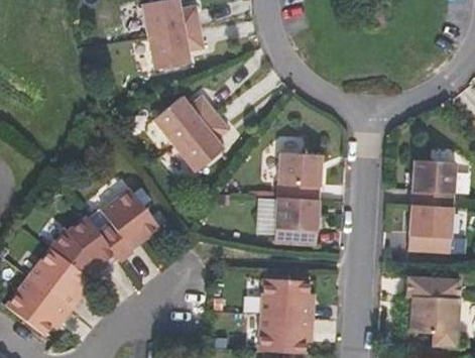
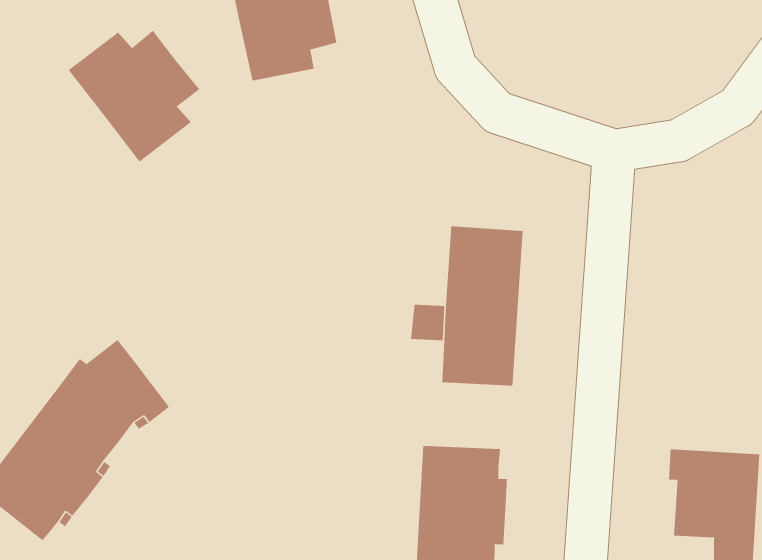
building: [165,90,242,166] -> [68,30,200,162]
building: [407,159,454,252] -> none
building: [97,188,158,260] -> none

